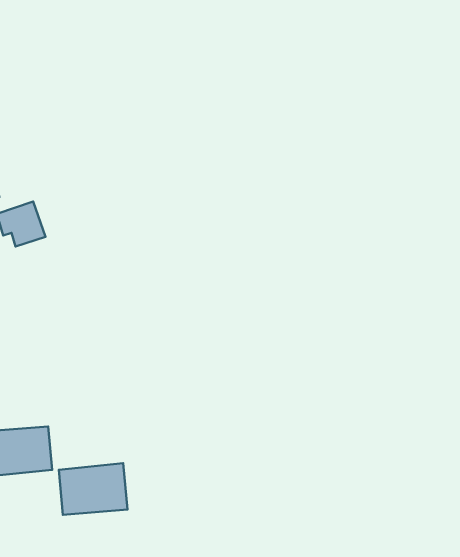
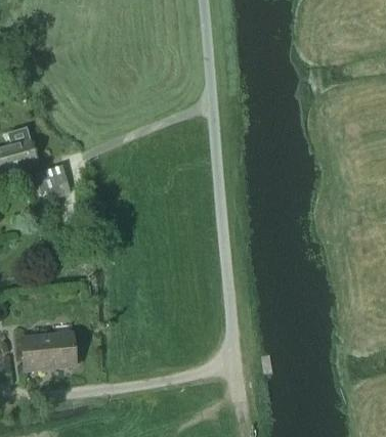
building: [59,463,127,515] -> none

